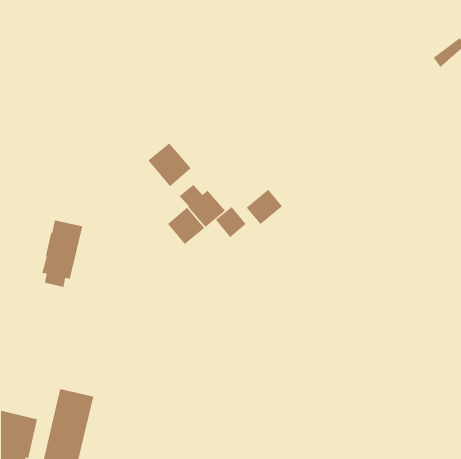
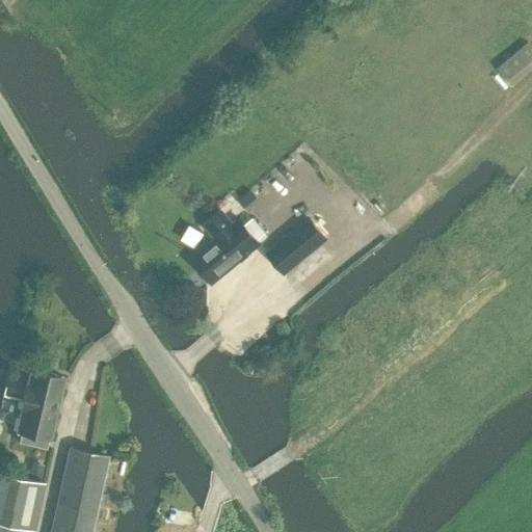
building: [148,143,192,187] -> none
building: [215,206,247,238] -> none
building: [41,220,83,287] -> [17,372,64,450]

